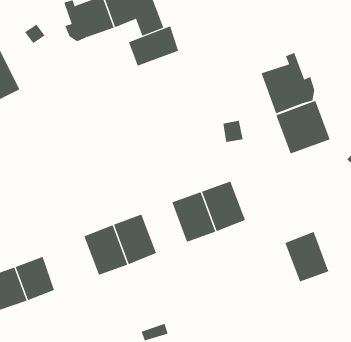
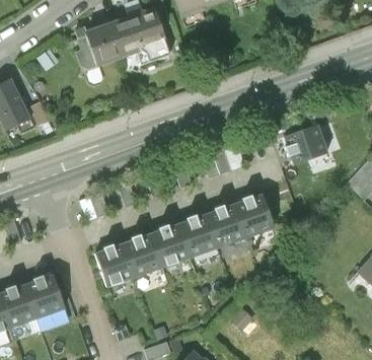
building: [128,26,179,67] -> none
building: [261,52,315,114] -> none
building: none -> [150,221,193,270]
building: [285,231,329,282] -> [235,190,278,238]

